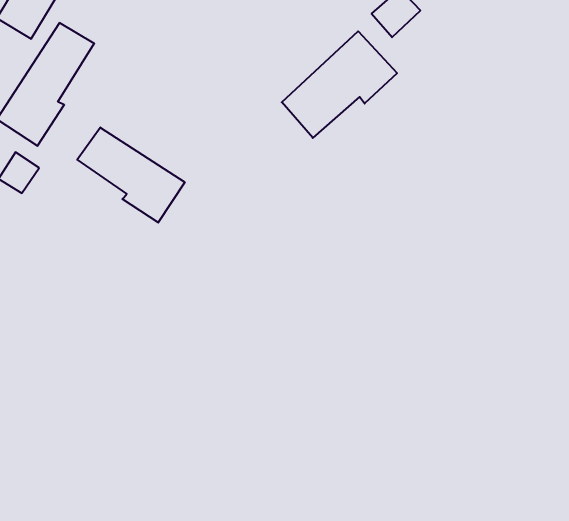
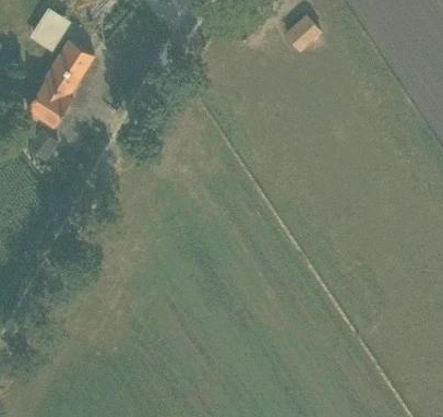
building: [282,31,397,138] -> none
building: [77,127,185,223] -> none

